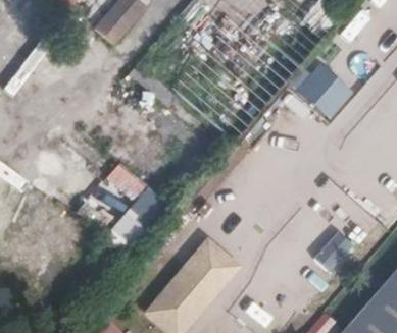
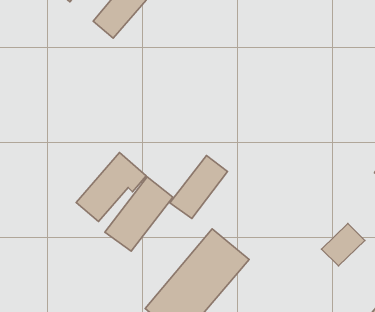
building: [295,59,353,117] -> none
building: none -> [170,155,228,219]

